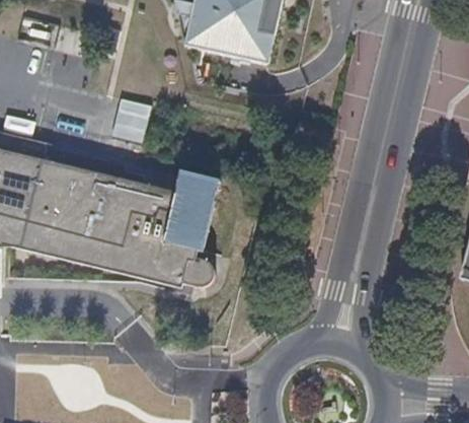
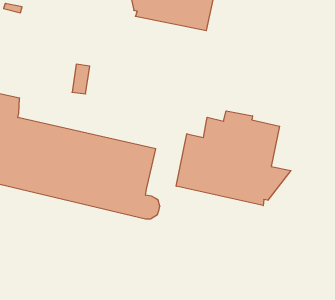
building: none -> [176,111,291,206]
building: [47,161,221,254] -> none

